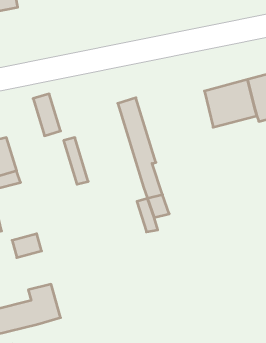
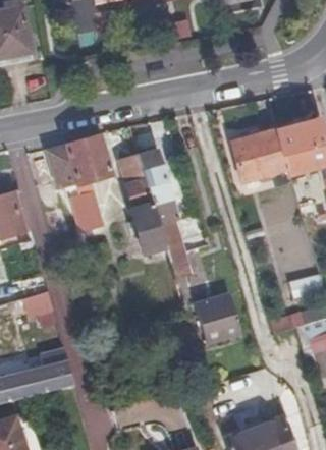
building: none -> [63,133,108,183]
building: none -> [118,154,164,249]
building: none -> [200,291,244,341]

